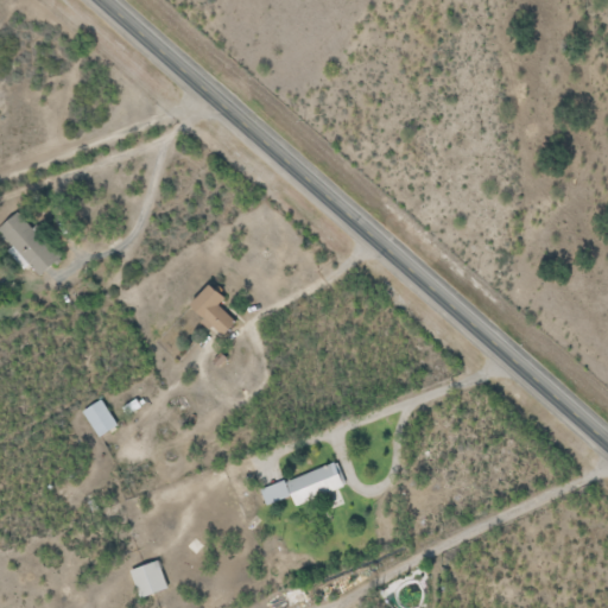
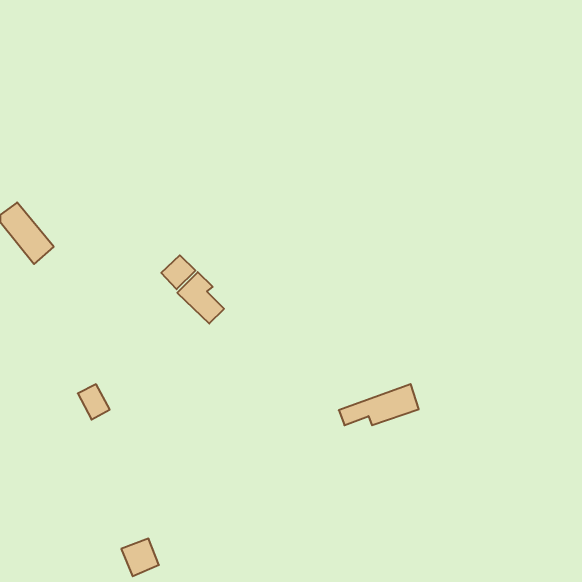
building: none -> [161,255,195,289]
building: [260,461,343,504] -> [339,384,419,425]

